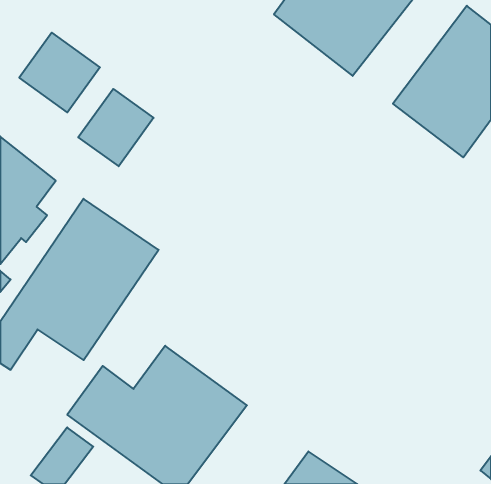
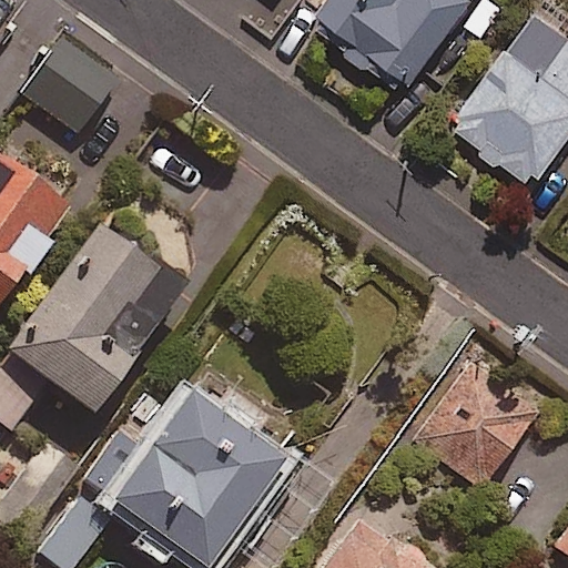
building: [78,89,154,166] -> none
building: none -> [422,371,534,484]

